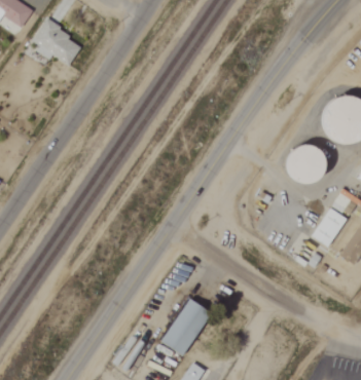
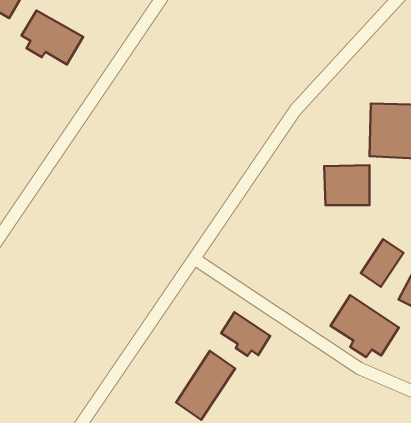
building: none -> [331,295,399,357]
building: none -> [221,312,270,356]

